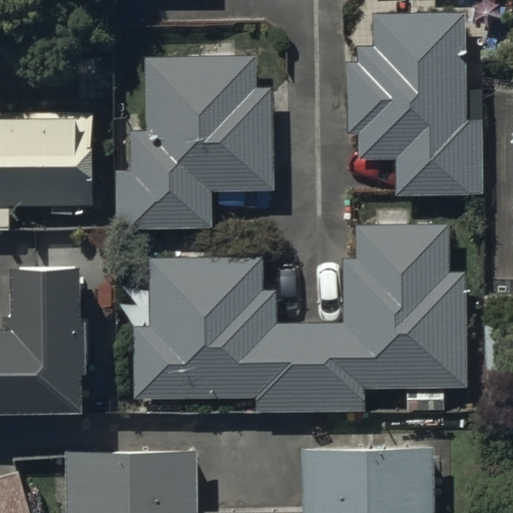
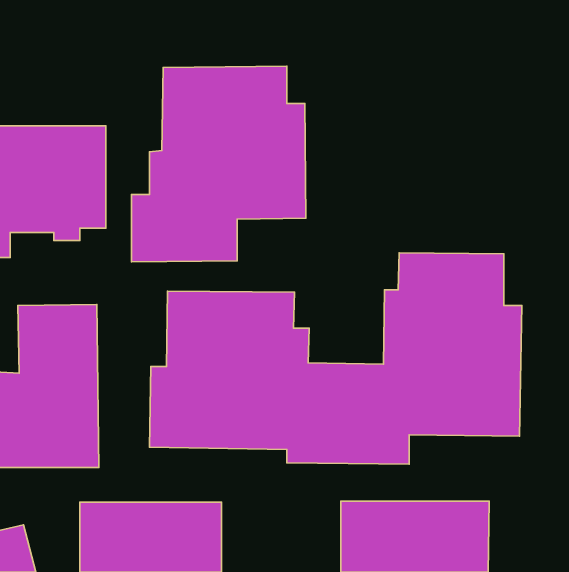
building: [341,13,476,196] -> none

